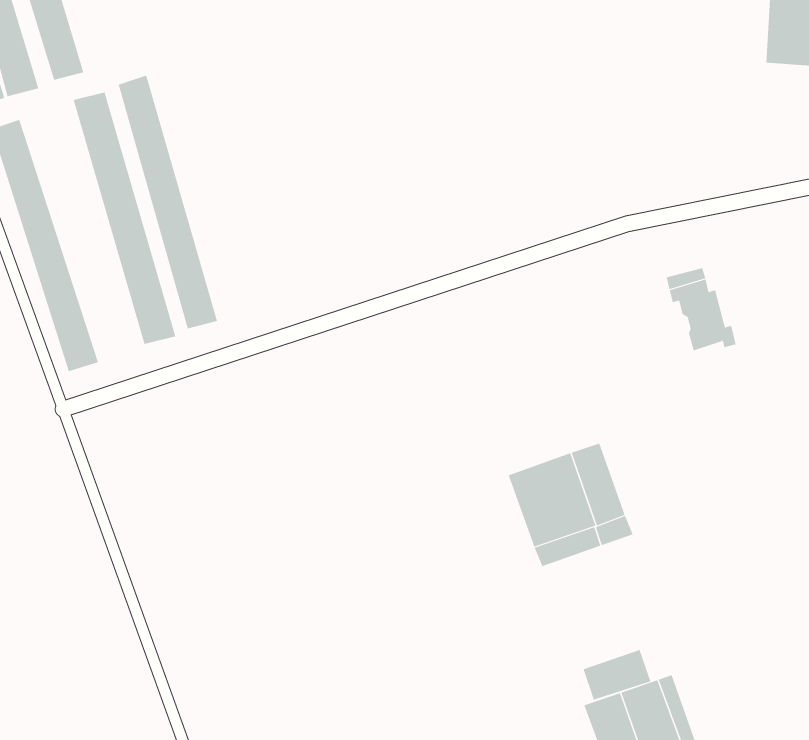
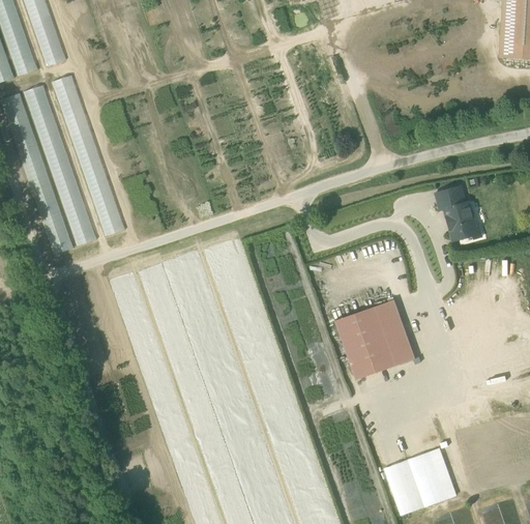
building: [118,75,218,329] -> [28,83,92,246]
building: [583,649,651,700] -> none

